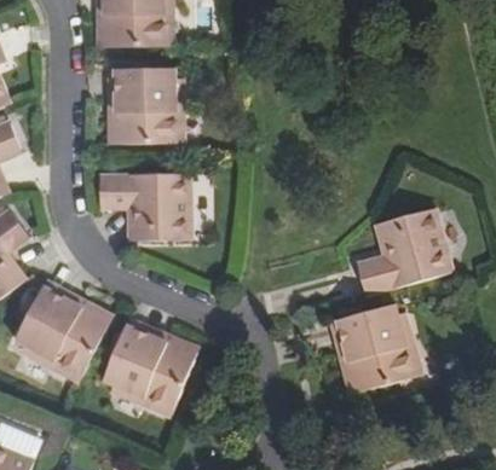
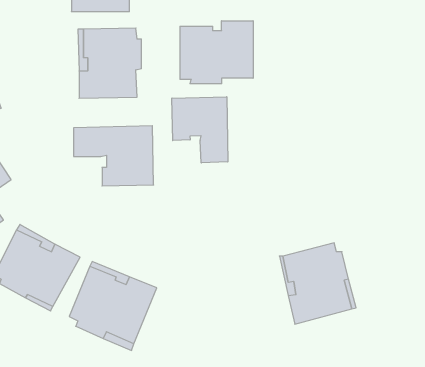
building: none -> [180,21,253,84]
building: none -> [172,97,228,163]
building: [353,210,446,294] -> none

